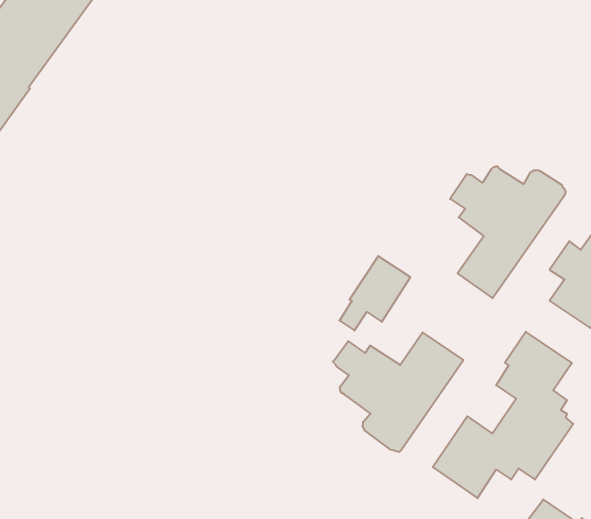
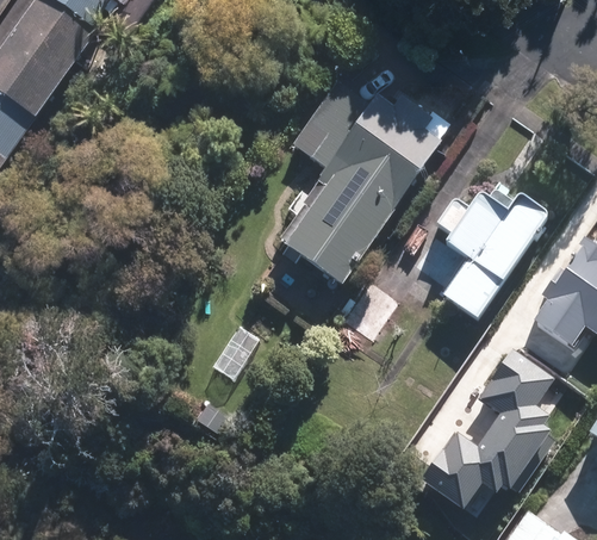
building: none -> [282,85,440,284]
building: [333,332,463,452] -> none

